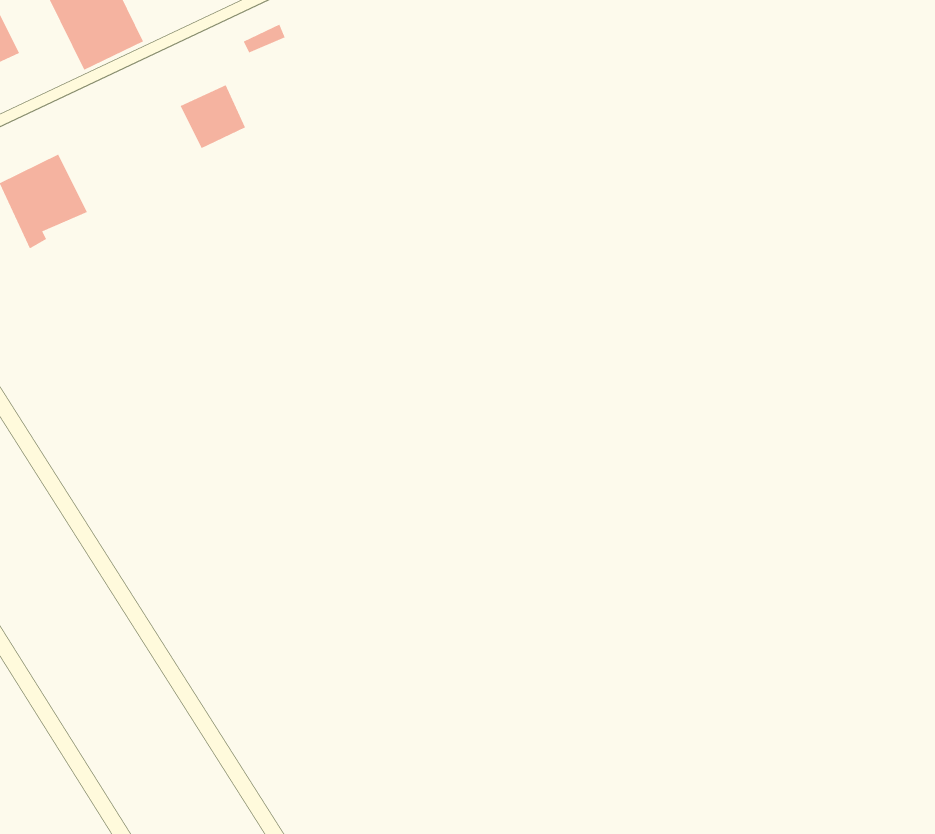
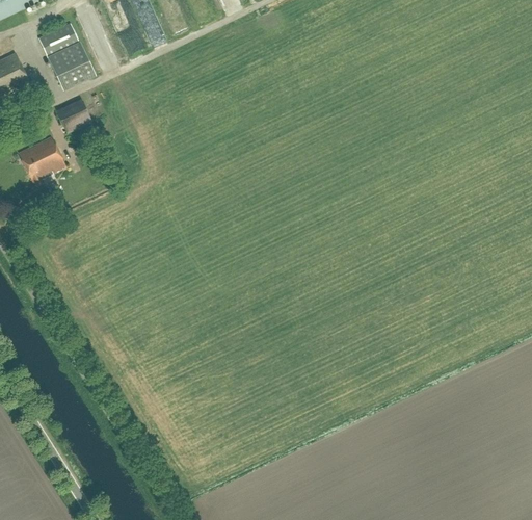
building: [180,85,246,149] -> [56,98,91,132]

